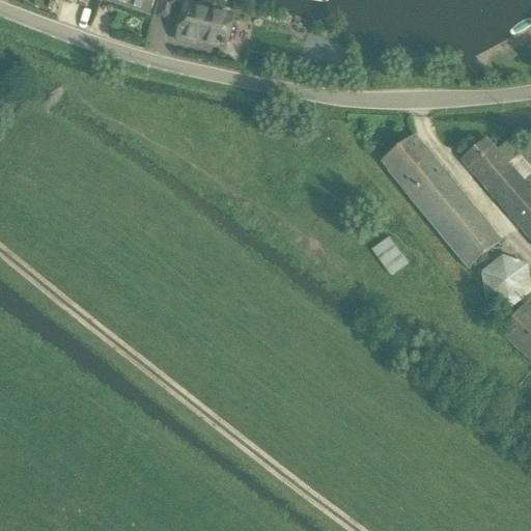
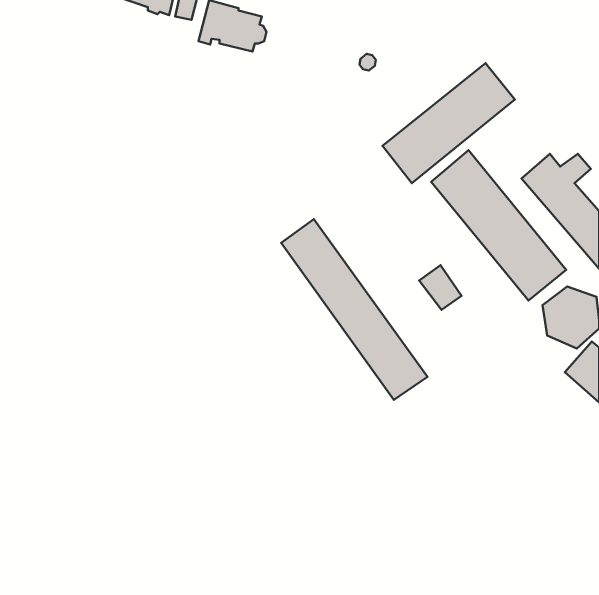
building: none -> [383,63,515,183]
building: none -> [281,219,428,400]

